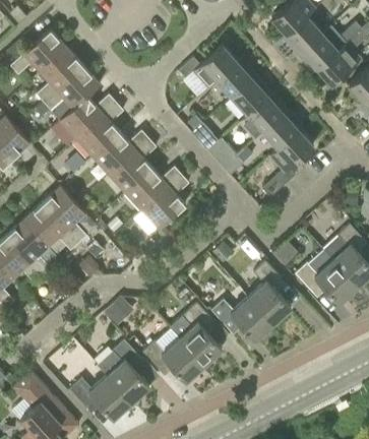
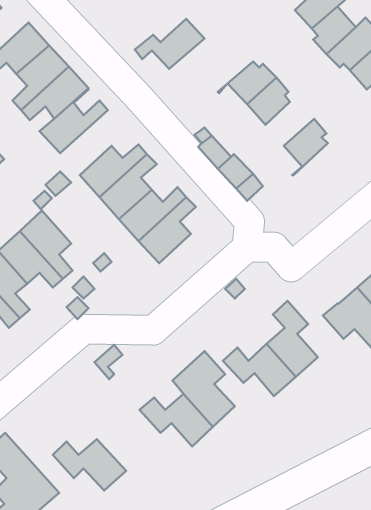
building: [179,46,237,87] -> [135,19,204,69]
building: [239,96,288,139] -> none
building: [76,103,123,156] -> none
building: [263,130,313,198] -> none
building: [98,340,161,402] -> none

